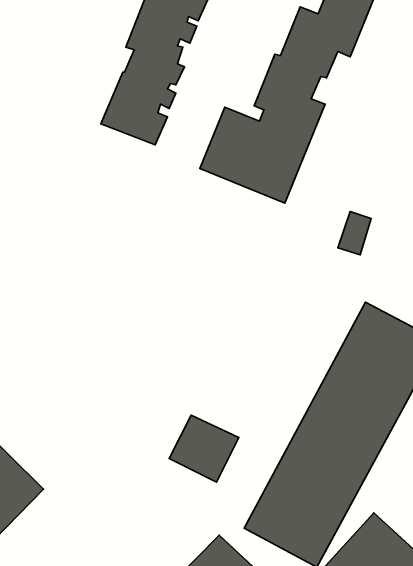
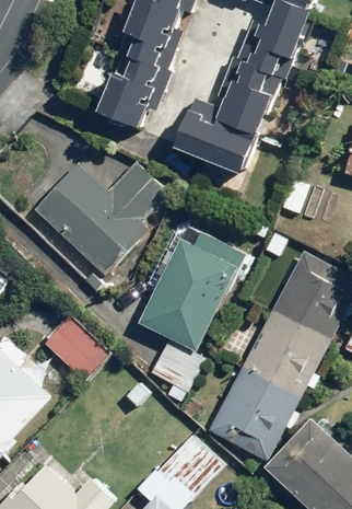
building: none -> [33,161,169,277]
building: none -> [139,232,246,352]
building: none -> [43,314,113,383]

